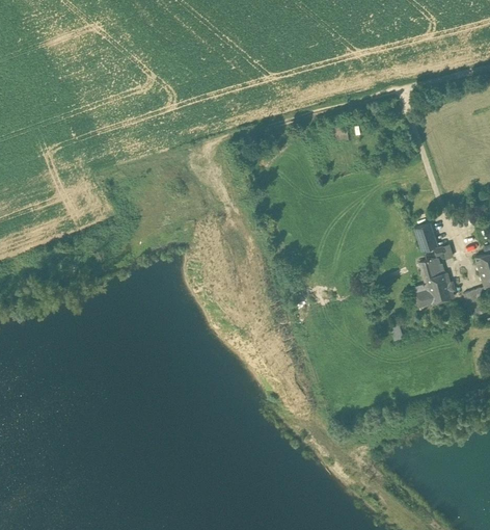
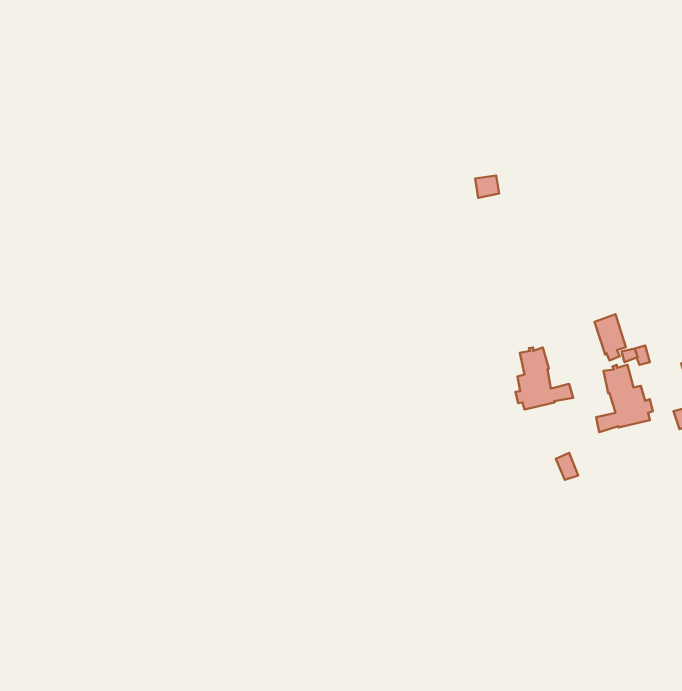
building: none -> [516,347,573,410]

